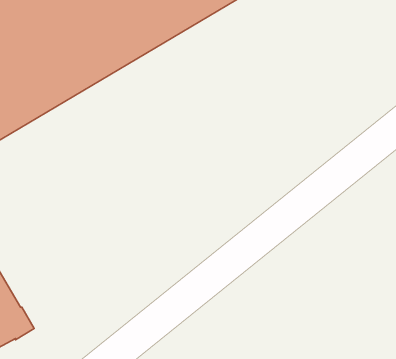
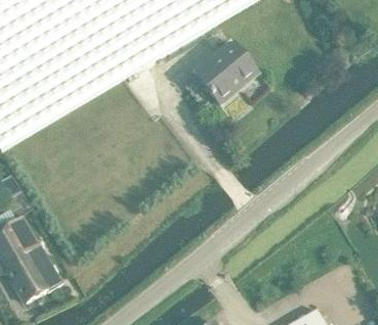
building: none -> [196,45,258,106]

